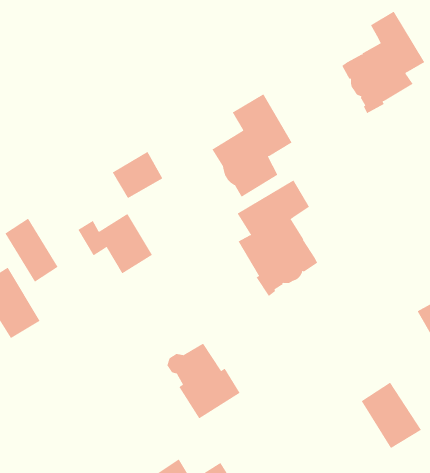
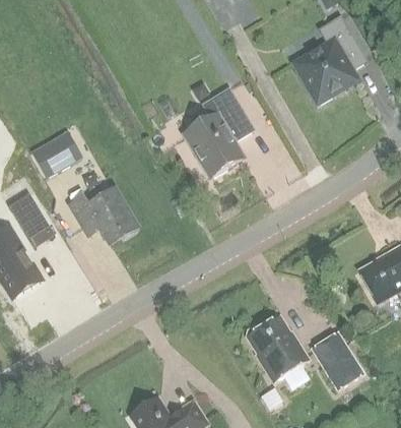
building: [112,151,163,199] -> [31,133,75,174]
building: [237,180,318,297] -> none
building: [166,343,241,419] -> [246,317,309,382]

